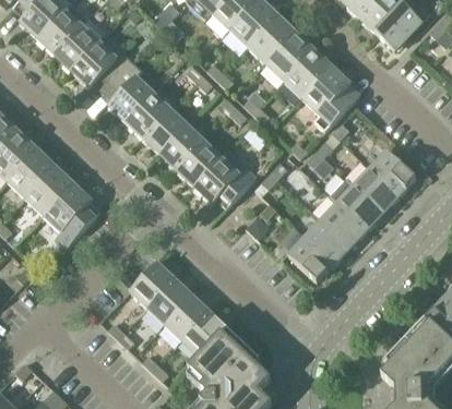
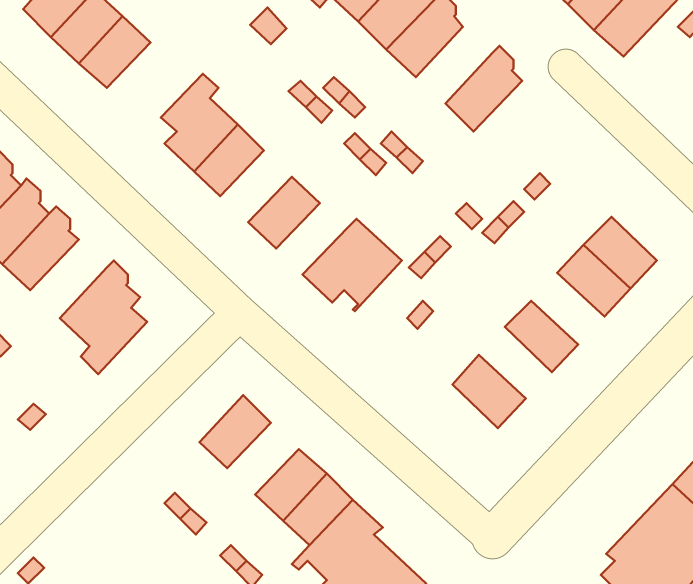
building: [264,27,312,80] -> none
building: [71,41,131,88] -> none
building: [300,61,355,132] -> none
building: [142,109,187,154] -> none
building: [177,142,222,187] -> none
building: [23,160,71,214] -> none
building: [329,178,382,230] -> none
building: [304,219,349,264] -> none
building: [146,279,191,324] -> none

